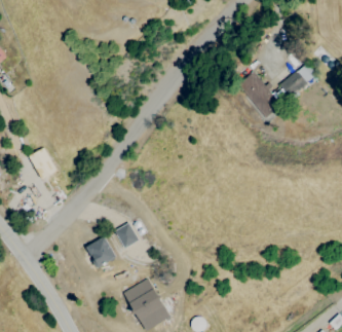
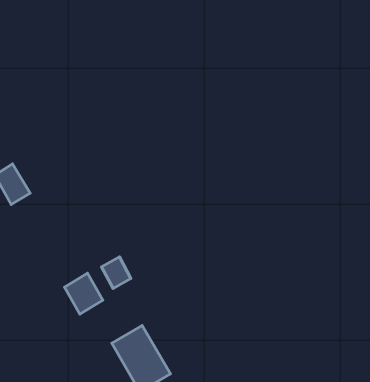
building: [279,64,315,97] -> none
building: [238,73,284,119] -> none

